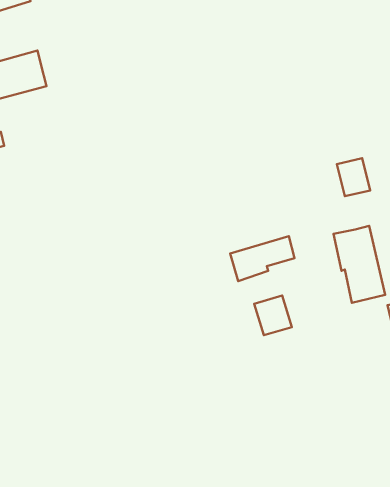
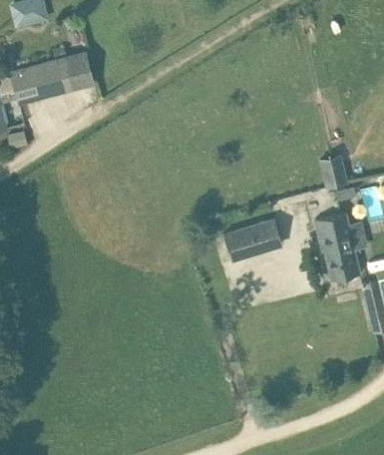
building: none -> [56,53,95,92]
building: [254,296,292,335] -> none

